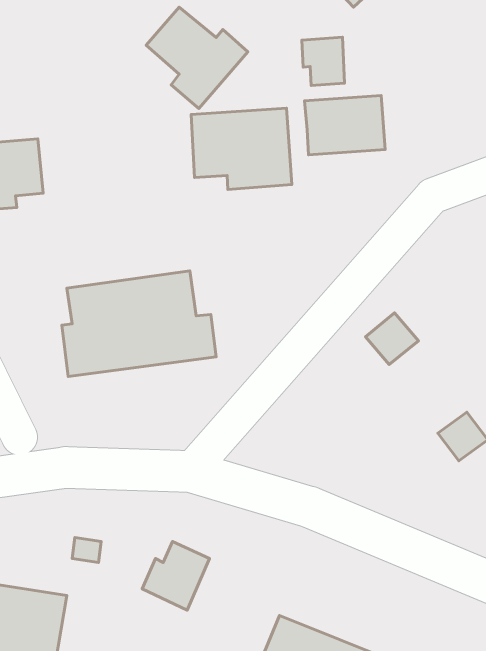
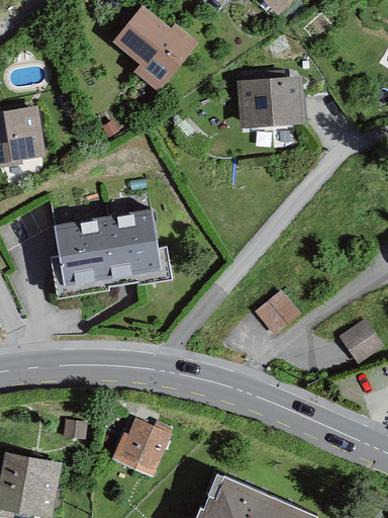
building: [302,37,345,85] -> none
building: [191,108,292,189] -> none
building: [366,313,418,364] -> [257,292,297,332]

